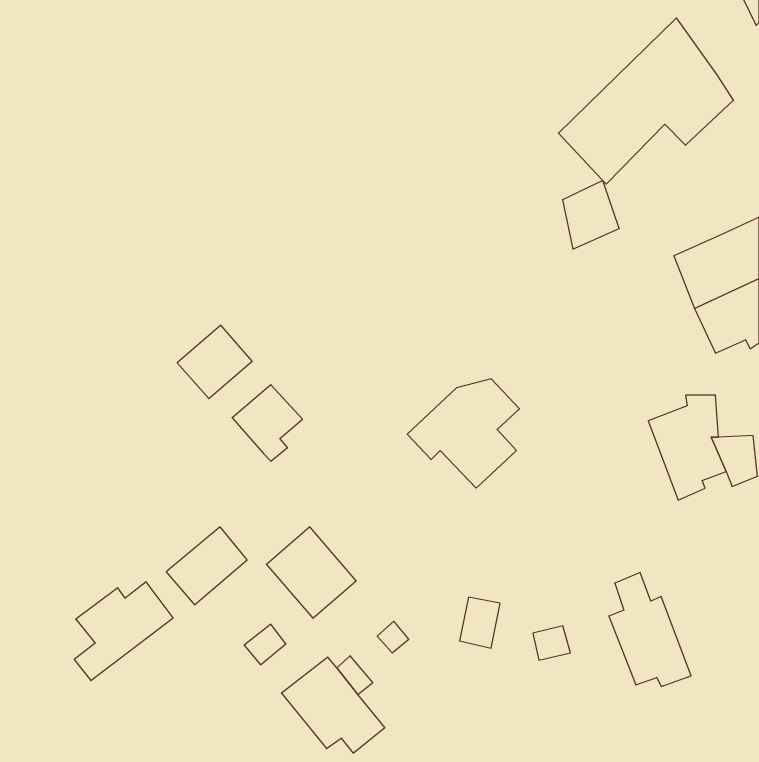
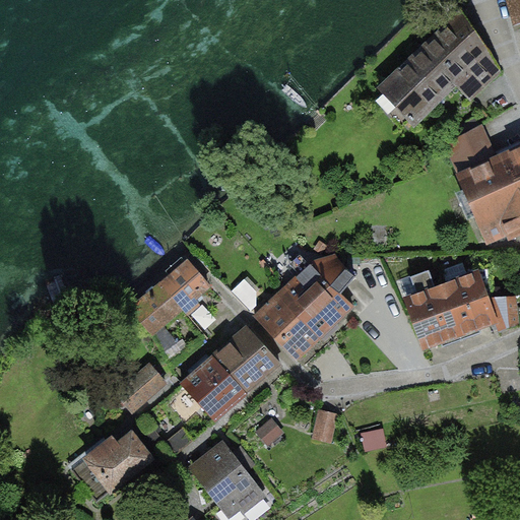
building: [562,180,619,249] -> [450,127,489,174]
building: [177,325,252,399] -> [128,283,179,333]
building: none -> [255,295,323,359]
building: none -> [210,331,272,394]
building: [609,573,691,686] -> [404,269,460,346]
building: [74,582,173,681] -> [81,434,148,501]

